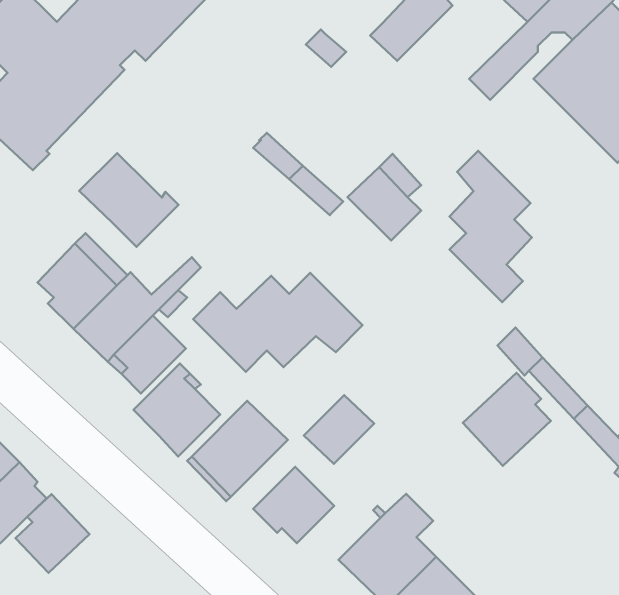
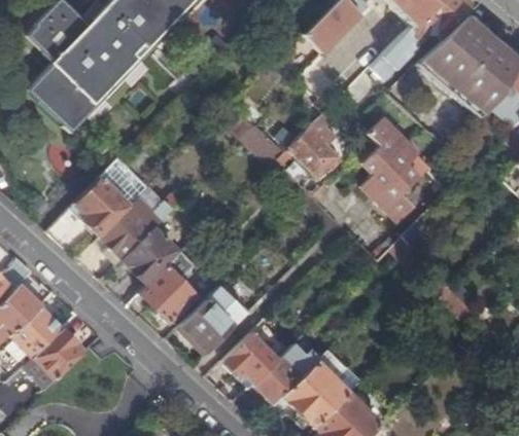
building: [79,153,179,247] -> none
building: [193,273,363,372] -> none
building: [463,373,551,466] -> none
building: [304,395,374,464] -> [254,356,303,403]
building: [16,494,89,573] -> none

